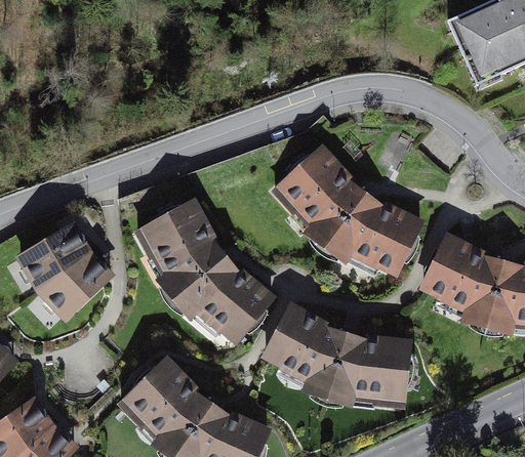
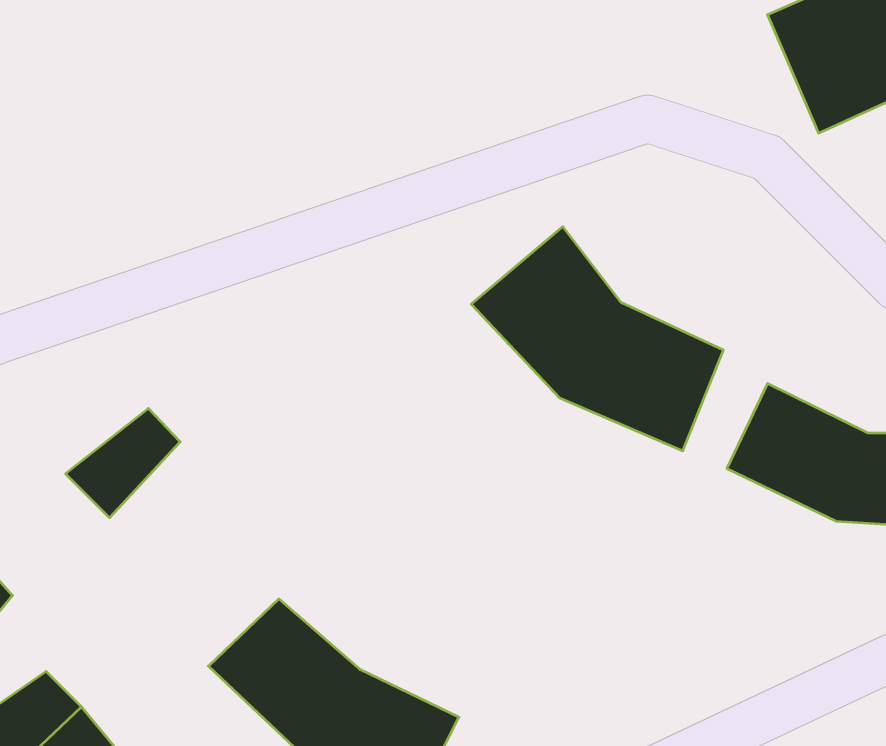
building: [142,204,272,339] -> none
building: [18,230,87,291] -> none
building: [262,308,410,405] -> none

